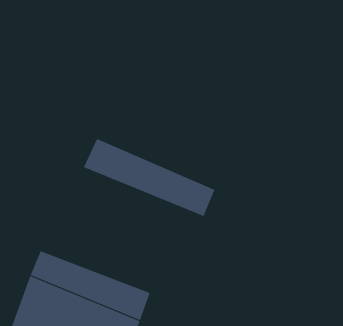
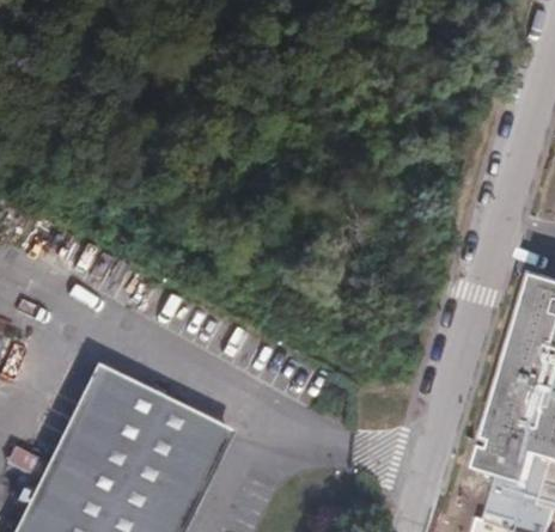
building: [83,138,215,217] -> none

